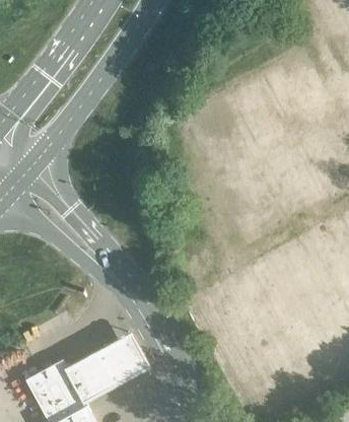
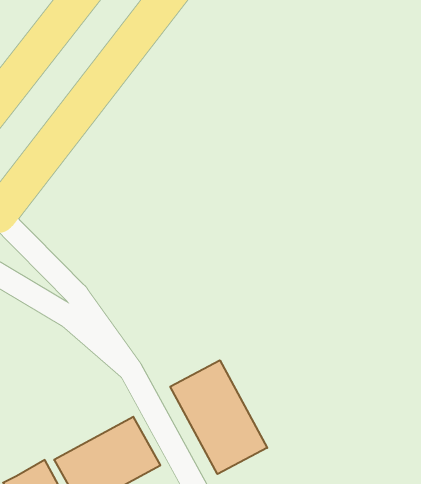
building: none -> [170,360,267,474]

